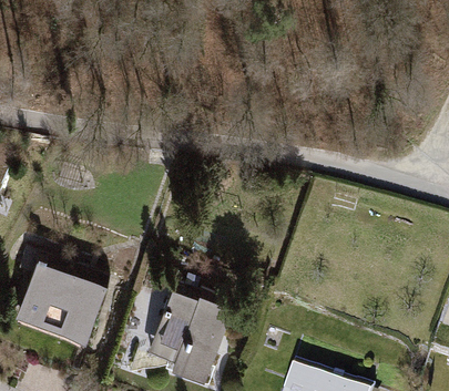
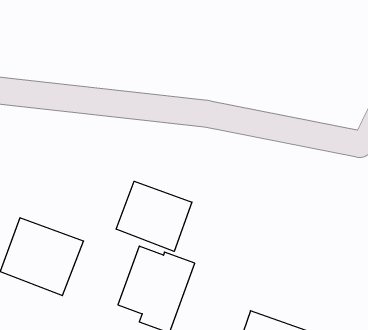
building: none -> [116,181,192,251]

